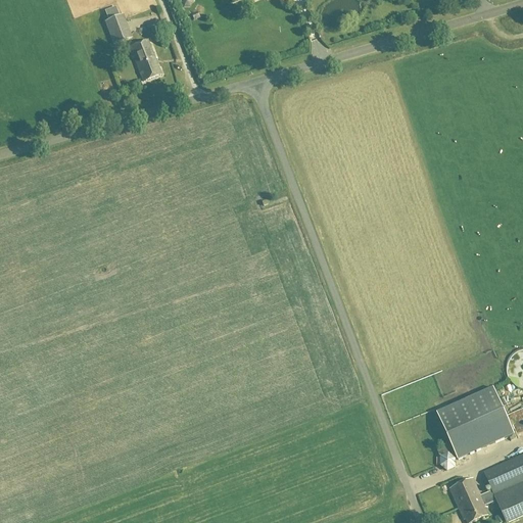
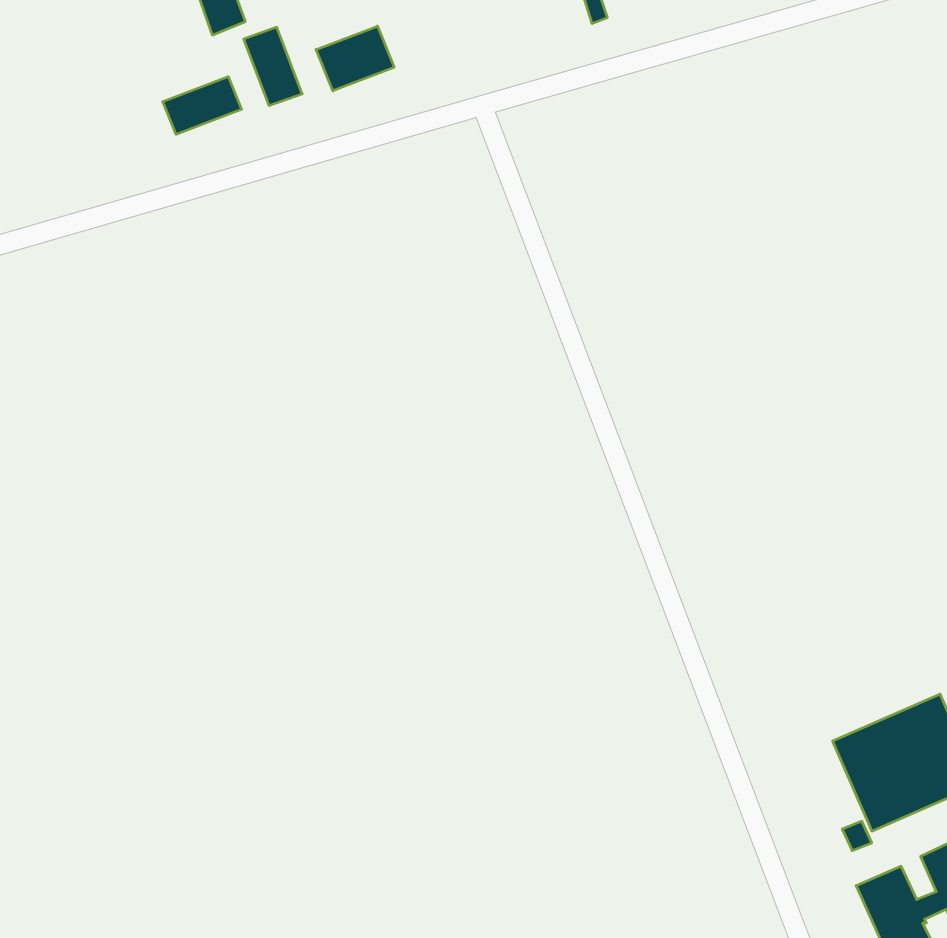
building: none -> [316,26,394,91]
building: none -> [163,77,242,134]

